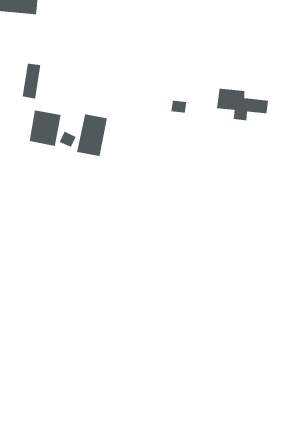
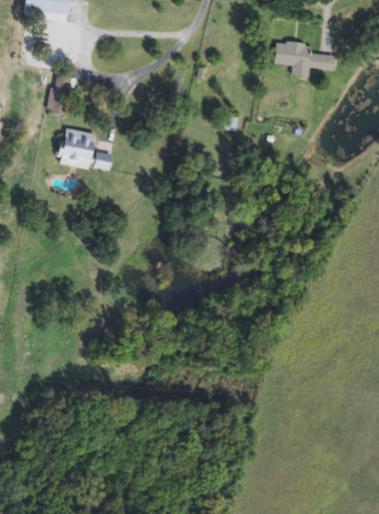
building: [216,88,269,121] -> [274,40,334,77]
building: [77,114,108,157] -> none

